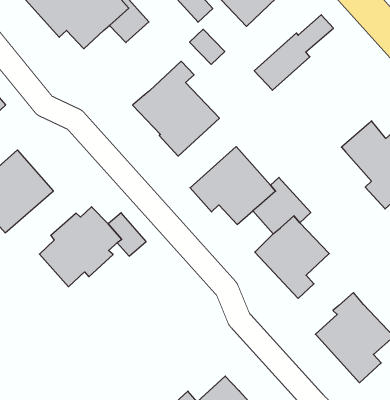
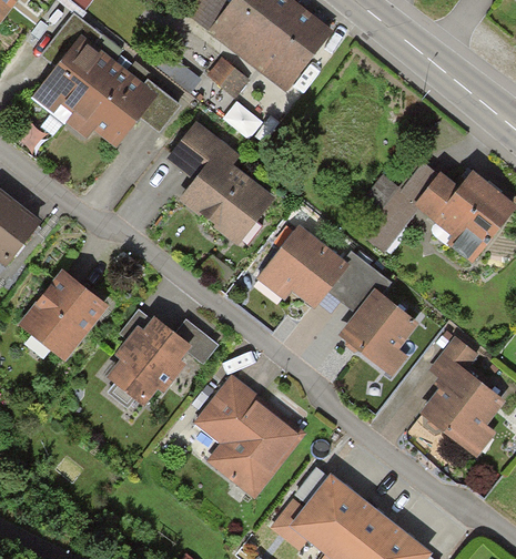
building: [254,15,333,90] -> [361,162,438,253]
building: none -> [166,121,223,180]
building: none -> [428,335,479,377]
building: none -> [194,375,306,498]

